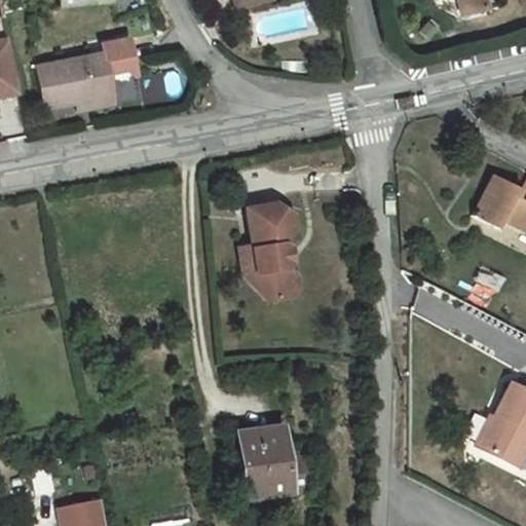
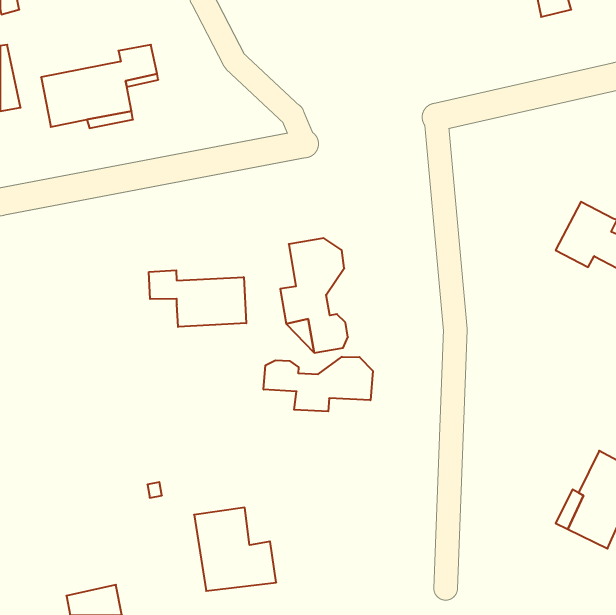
building: none -> [149,270,246,327]
building: none -> [264,357,373,411]
building: [237,425,307,496] -> [194,508,276,591]

